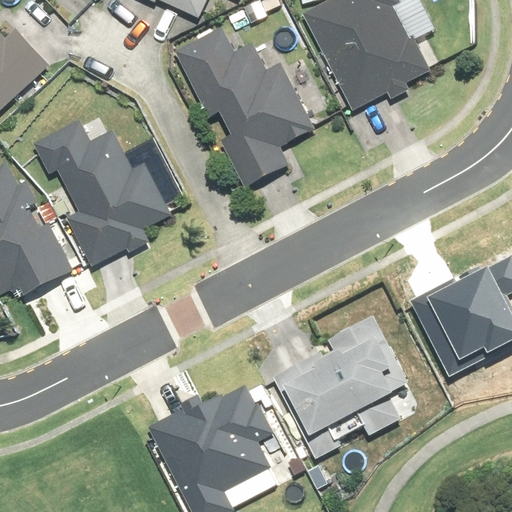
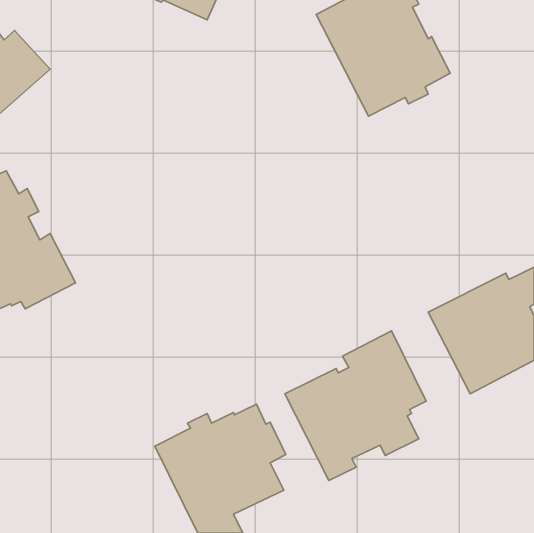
building: [174,27,313,187] -> none
building: [33,120,171,267] -> none

